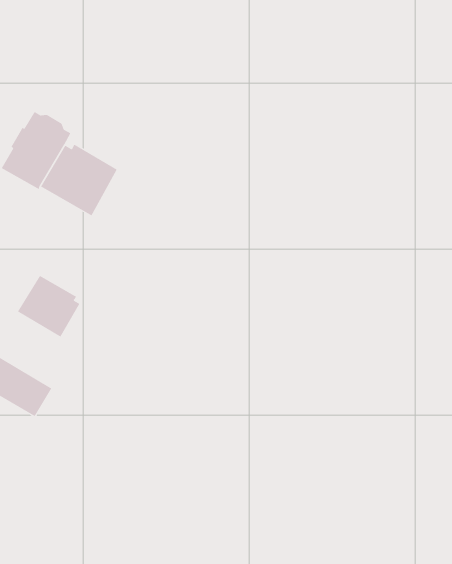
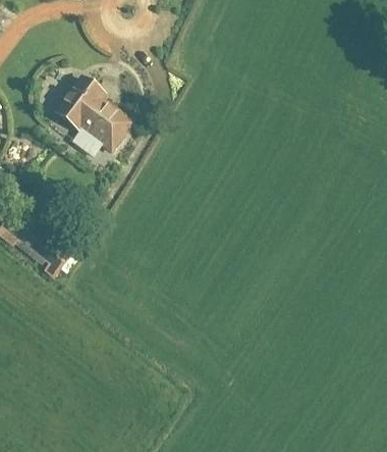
building: [17,275,80,337] -> none

